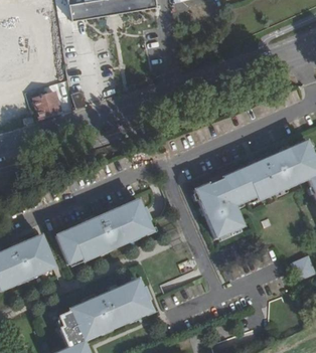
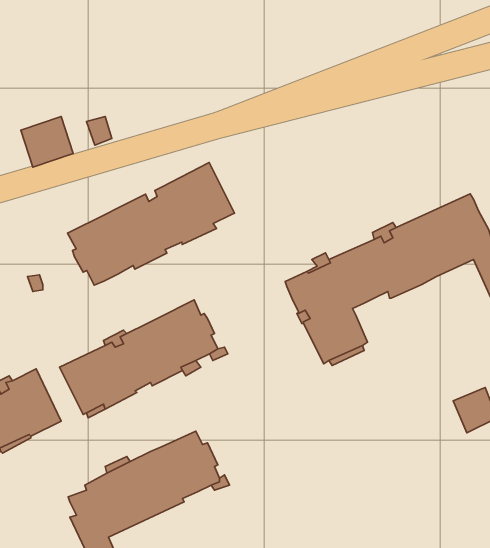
building: none -> [67,162,234,285]

